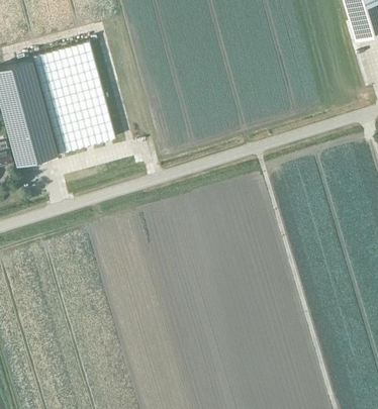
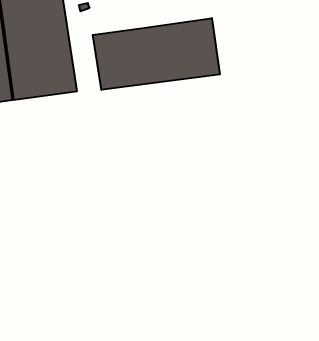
building: none -> [93,18,220,90]

